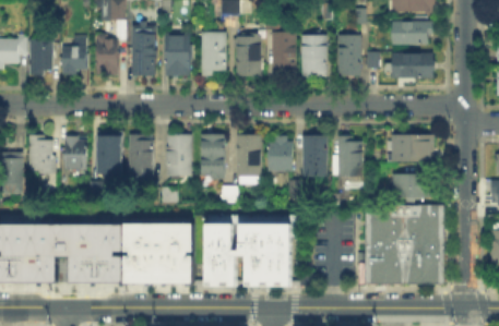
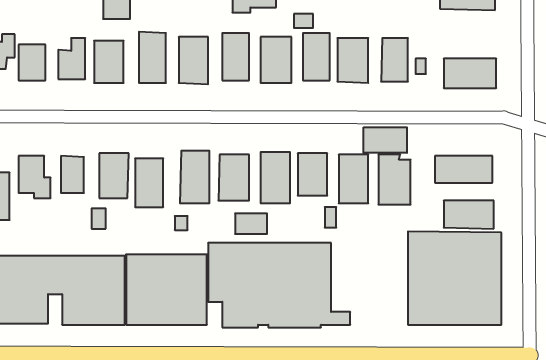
building: [390,23,431,46] -> none
building: none -> [364,127,407,153]

